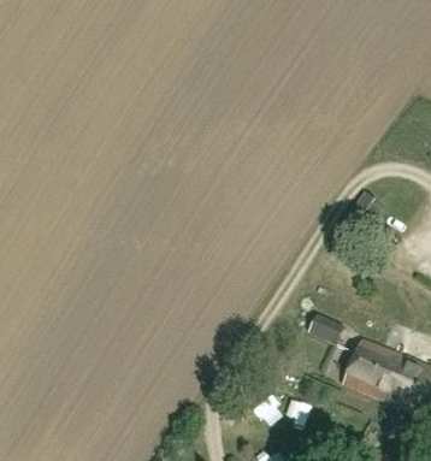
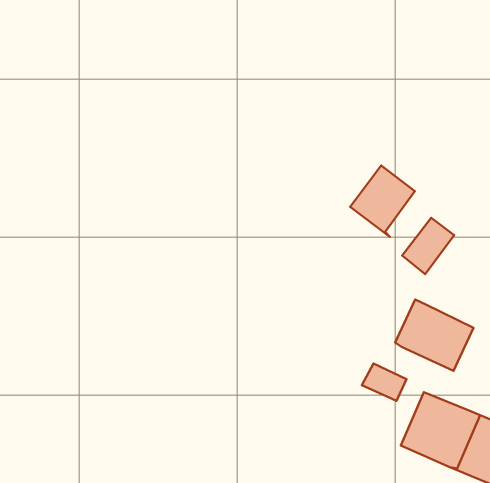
building: none -> [350,166,415,237]
building: none -> [395,299,474,371]

